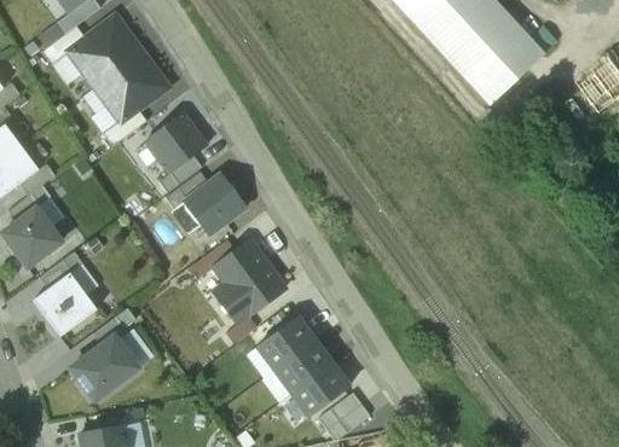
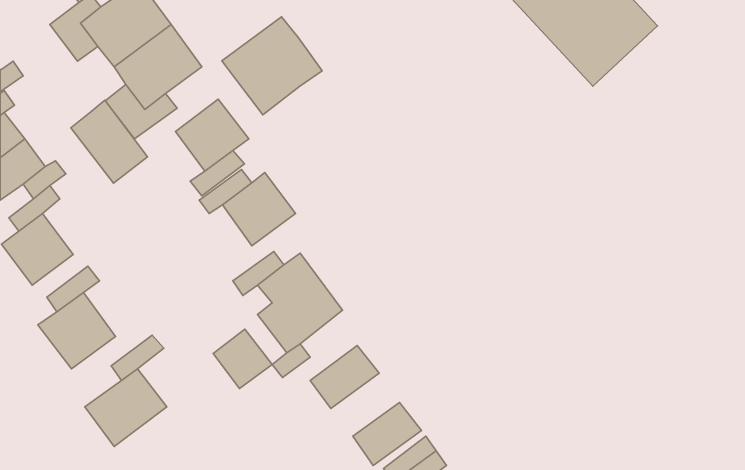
building: none -> [222,17,322,115]
building: none -> [71,100,147,183]
building: none -> [213,329,272,388]
building: [274,339,331,391] -> none

